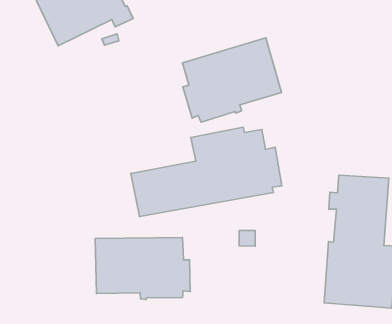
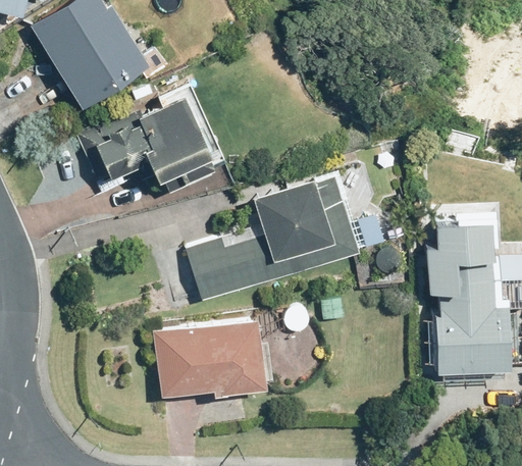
building: none -> [79,86,223,192]
building: [183,38,282,122] -> none

